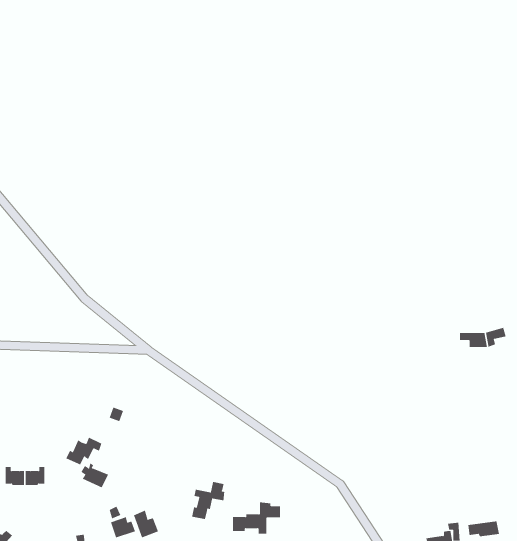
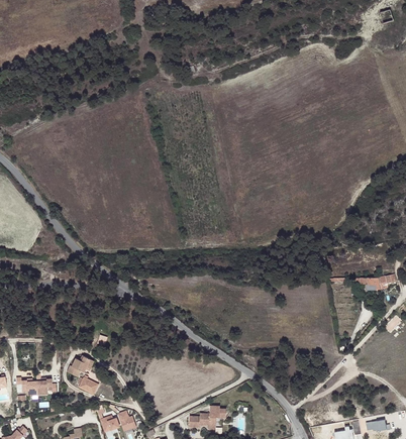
building: [191,481,225,520] -> none

